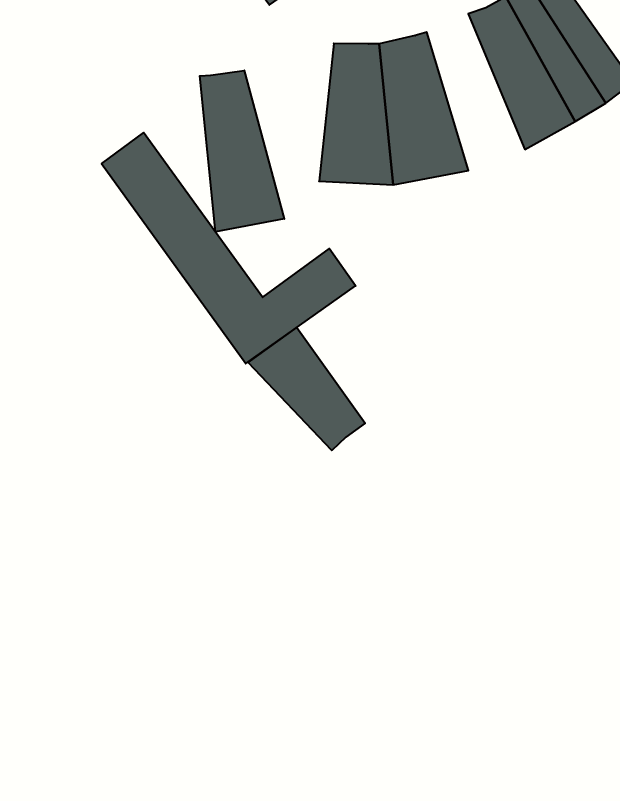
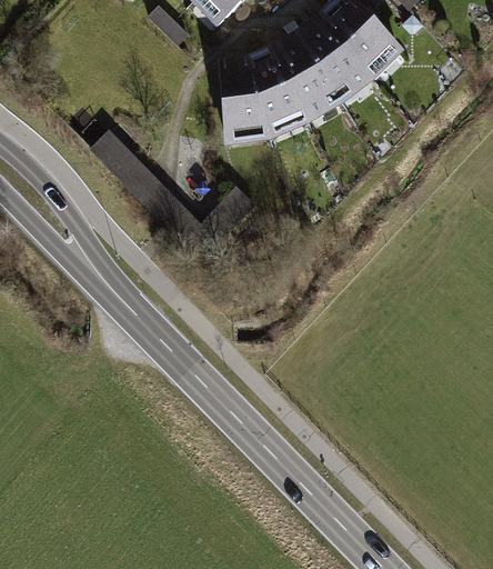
building: none -> [275,27,348,122]
building: [200,70,284,232] -> none
building: [248,327,365,450] -> none

